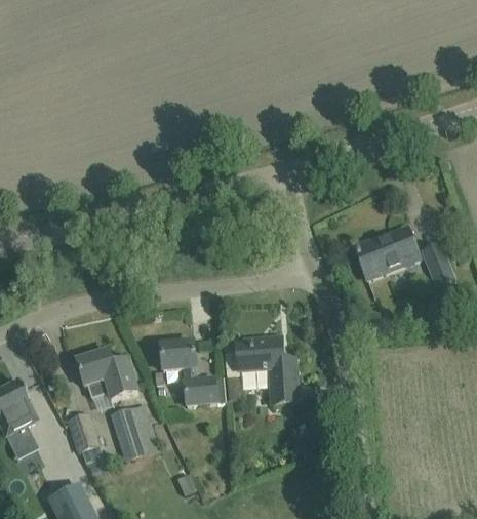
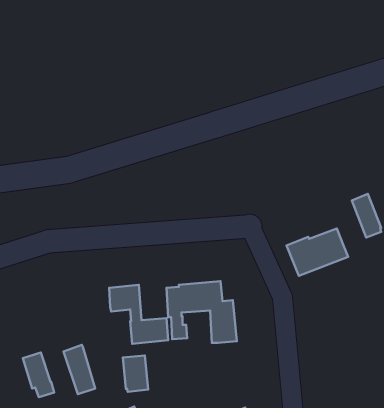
building: [354,227,421,278] -> [286,228,348,276]
building: [77,348,140,400] -> none
building: none -> [123,356,148,392]

